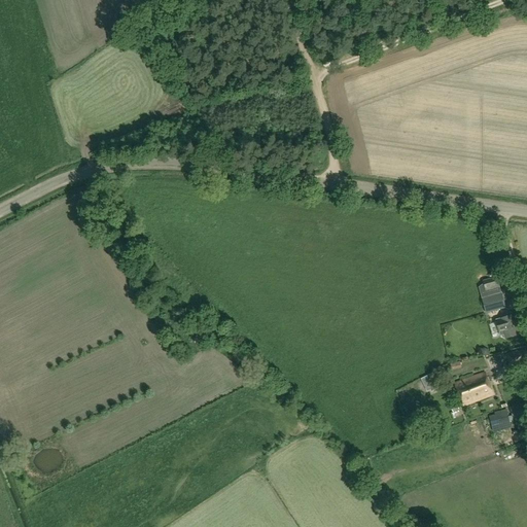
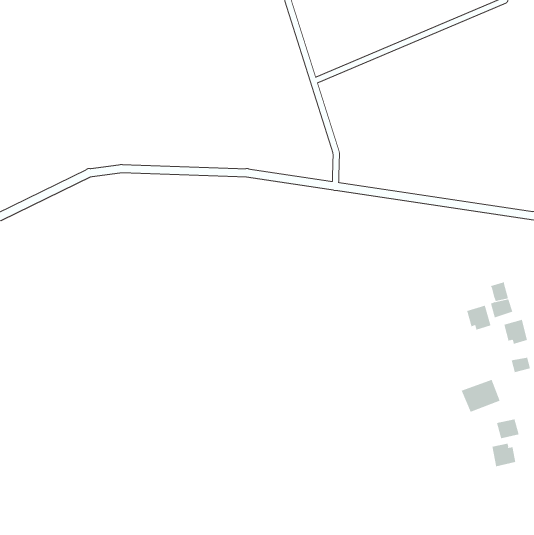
building: none -> [467,305,491,331]
building: none -> [492,443,516,467]

